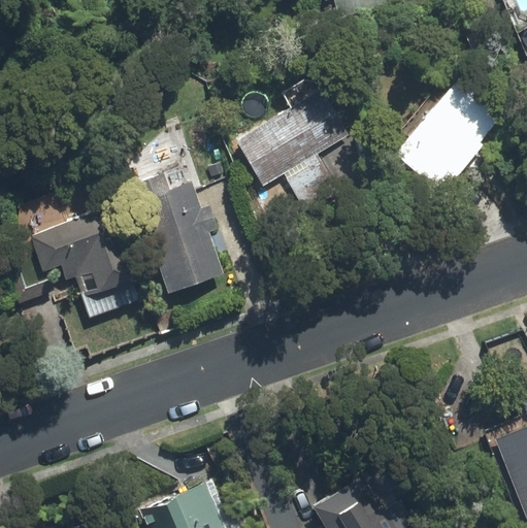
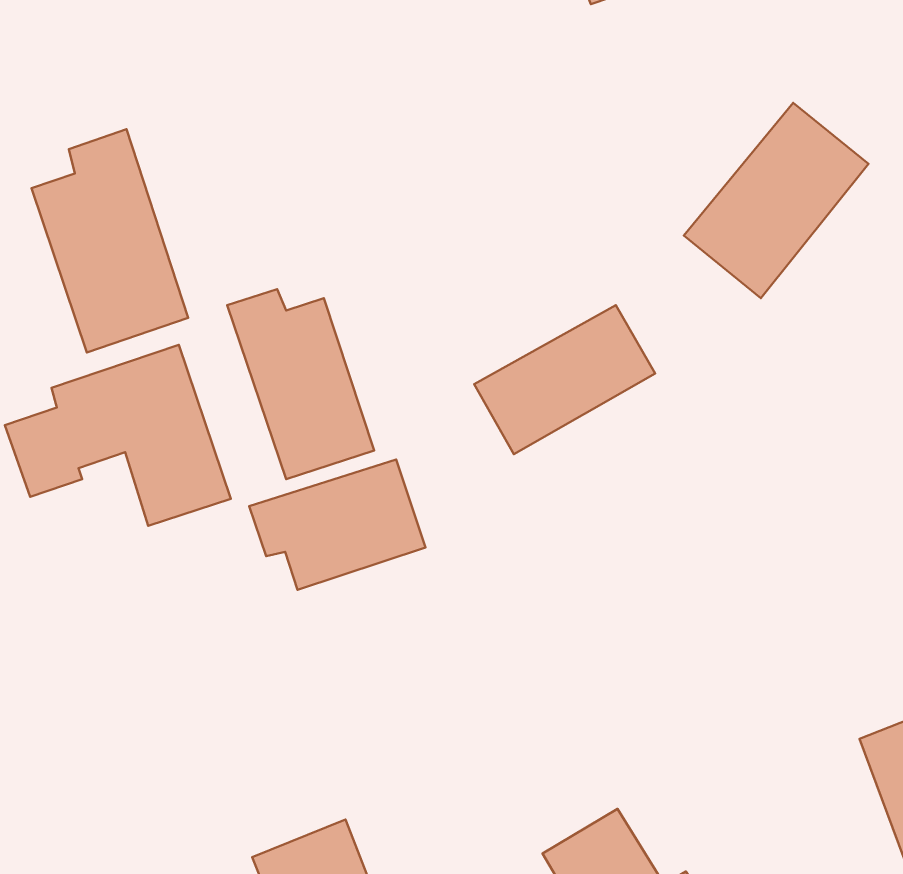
building: none -> [31,129,188,352]
building: [241,98,345,184] -> [474,305,655,454]
building: none -> [249,460,425,590]

